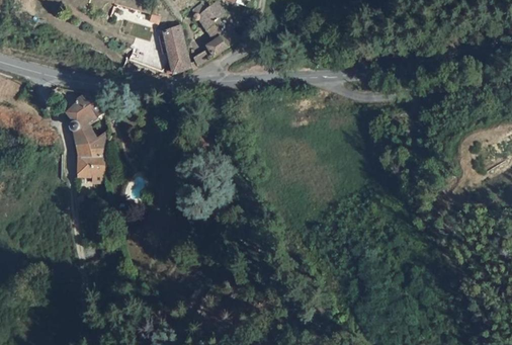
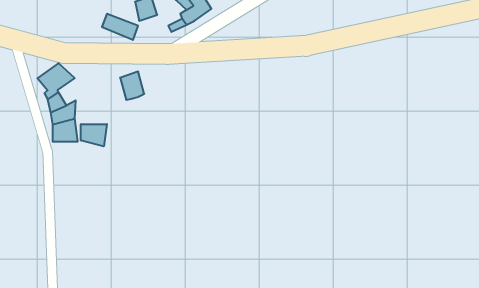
building: [166,45,190,73] -> [120,72,144,100]
building: none -> [81,124,107,146]

